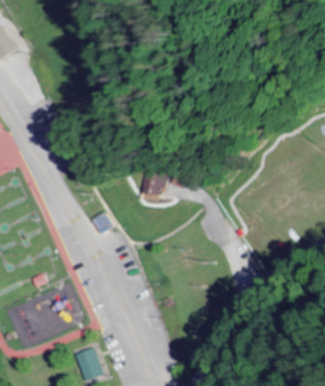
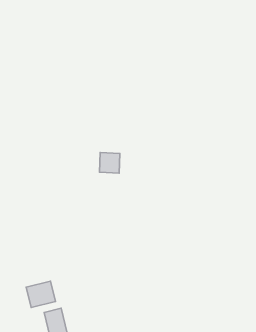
building: none -> [26,281,55,308]

